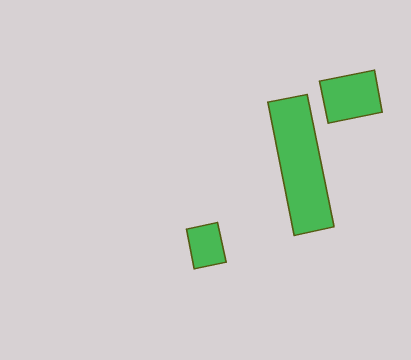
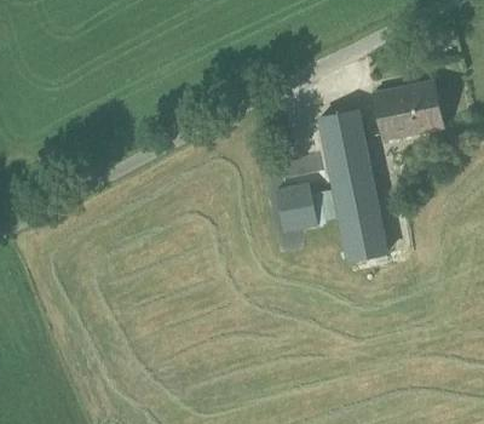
building: [187,222,226,269] -> [275,182,318,233]

